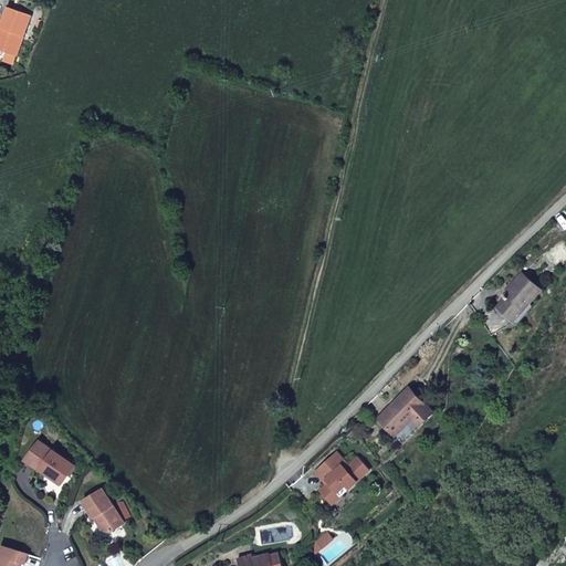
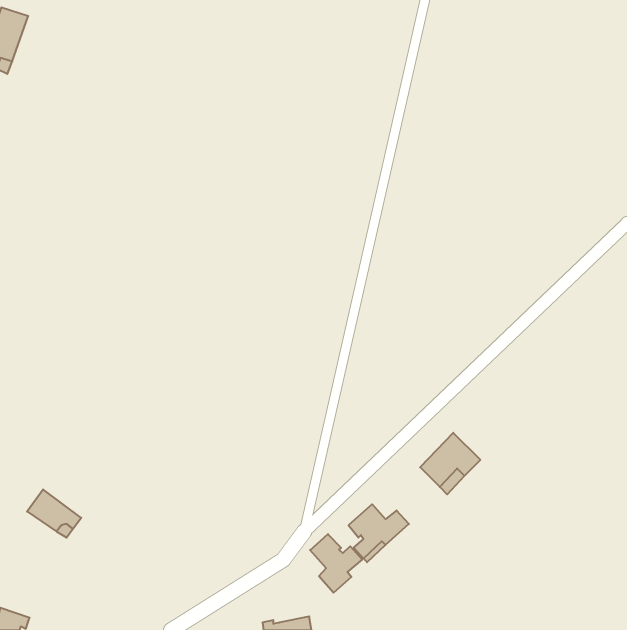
building: [495,273,541,322] -> none
building: none -> [310,534,362,593]
building: [81,490,122,532] -> none

